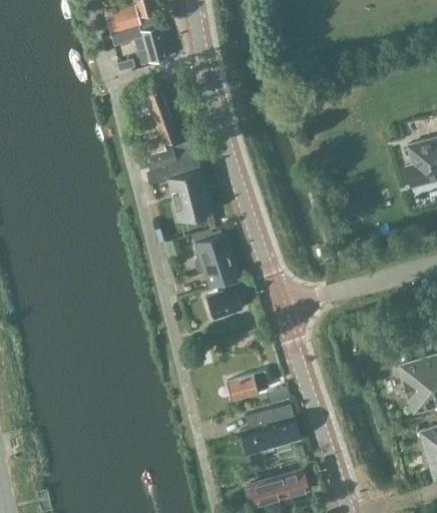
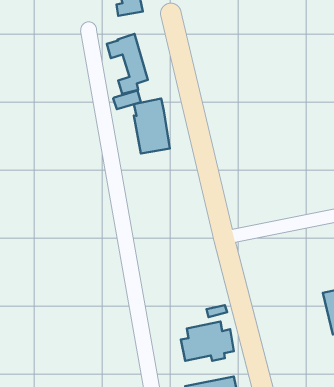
building: [179,216,241,288] -> none
building: [208,282,244,315] -> none
building: [228,371,270,398] -> none

